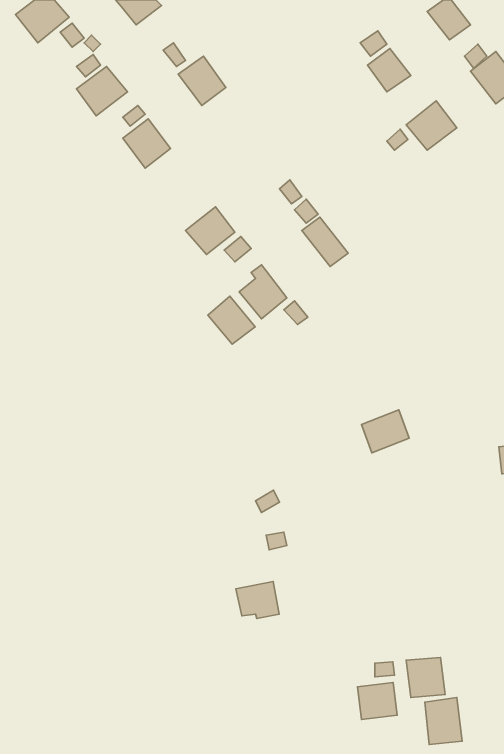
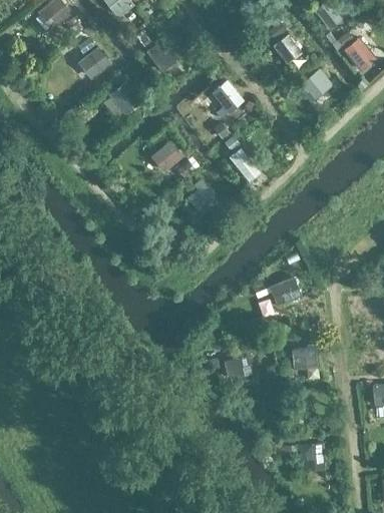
building: none -> [211,80,244,111]
building: [208,296,255,344] -> none
building: none -> [291,348,318,370]
building: [236,581,279,619] -> [224,357,253,382]
building: [357,682,397,720] -> none
building: [425,698,462,745] -> none

